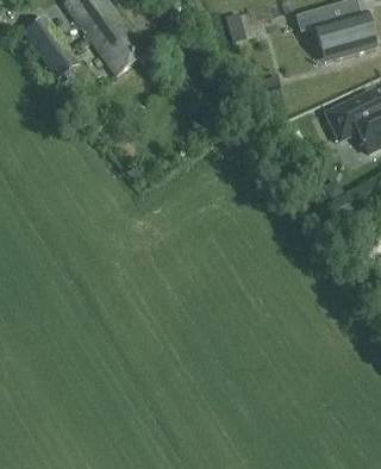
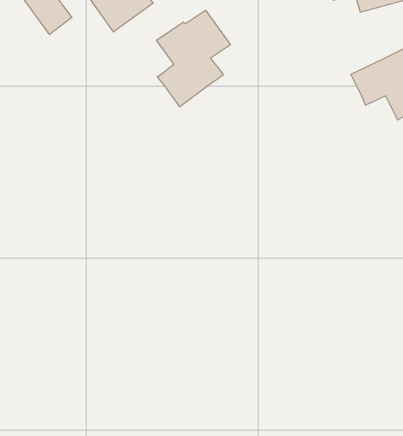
building: none -> [157,10,230,107]

